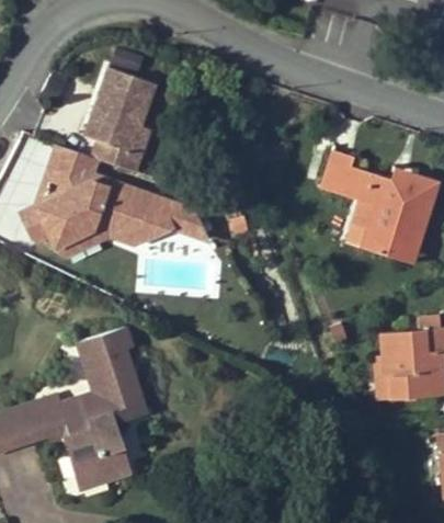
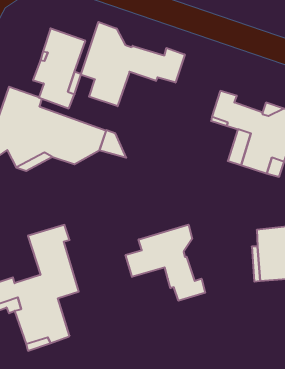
building: none -> [81,22,185,106]
building: none -> [126,225,205,301]

